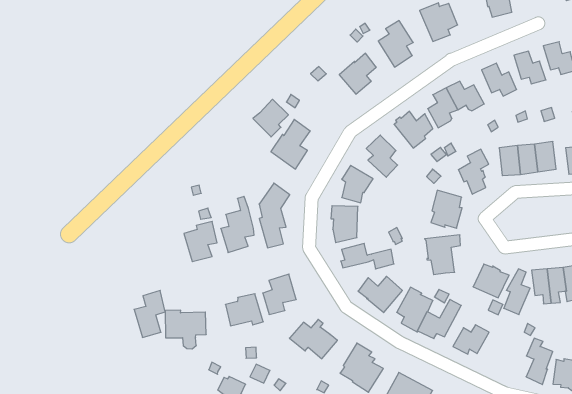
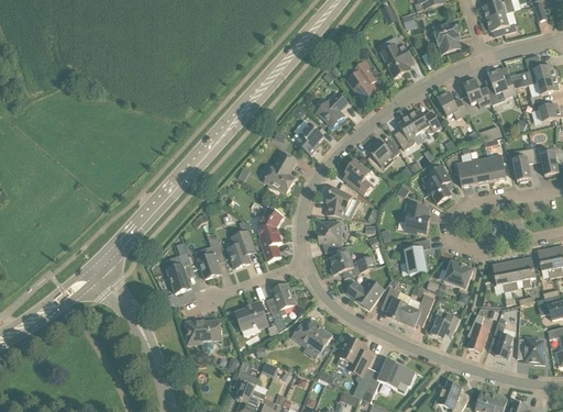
building: [253,99,288,137] -> [294,122,323,154]
building: [504,269,530,315] -> [467,312,488,350]
building: [134,290,165,337] -> [166,250,192,291]

